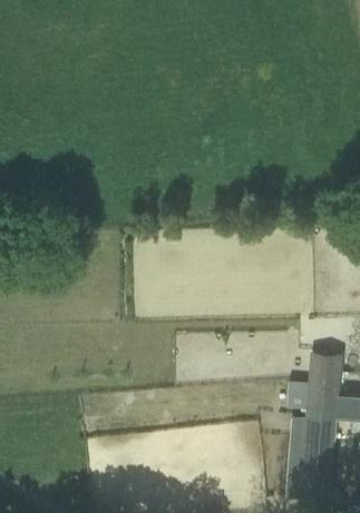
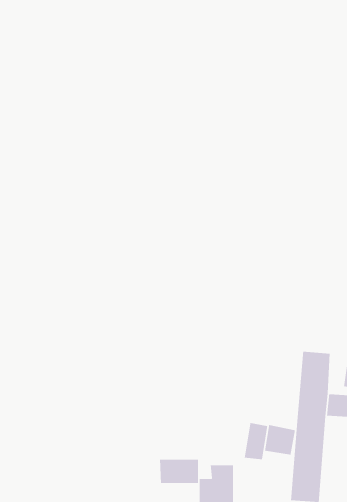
building: none -> [244,422,268,460]
building: none -> [159,459,199,484]

